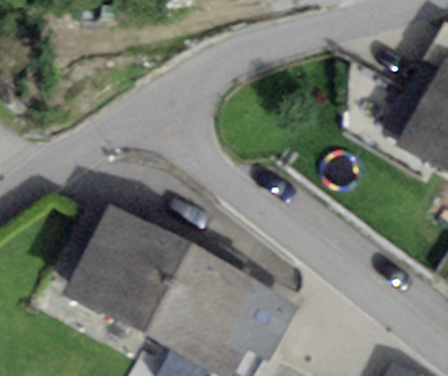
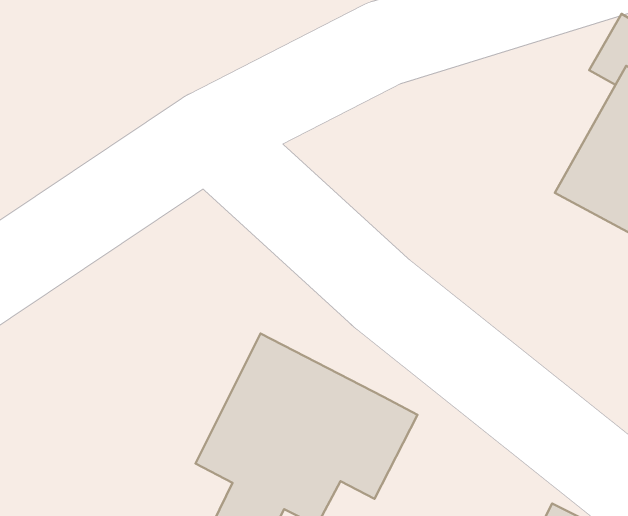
building: [62,203,190,336] -> none

